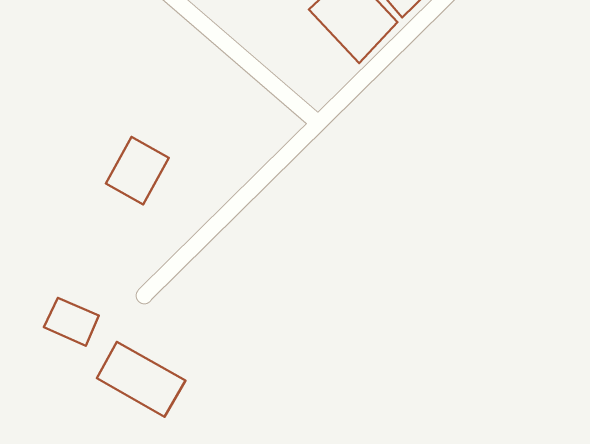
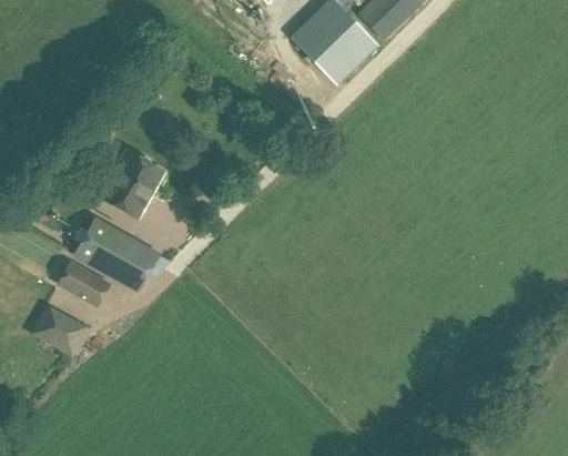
building: none -> [59,261,110,303]
building: [97,342,186,417] -> [75,217,160,288]

